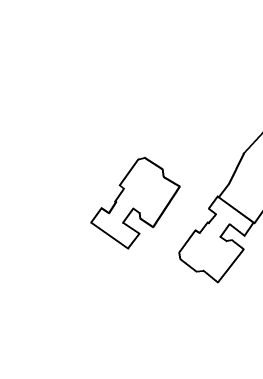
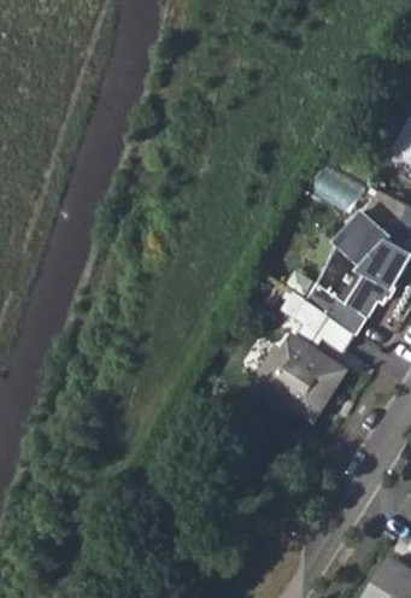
building: [91,158,180,249] -> none

